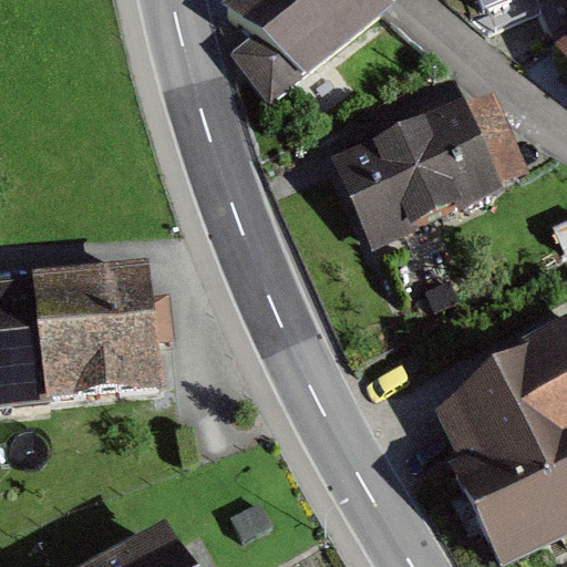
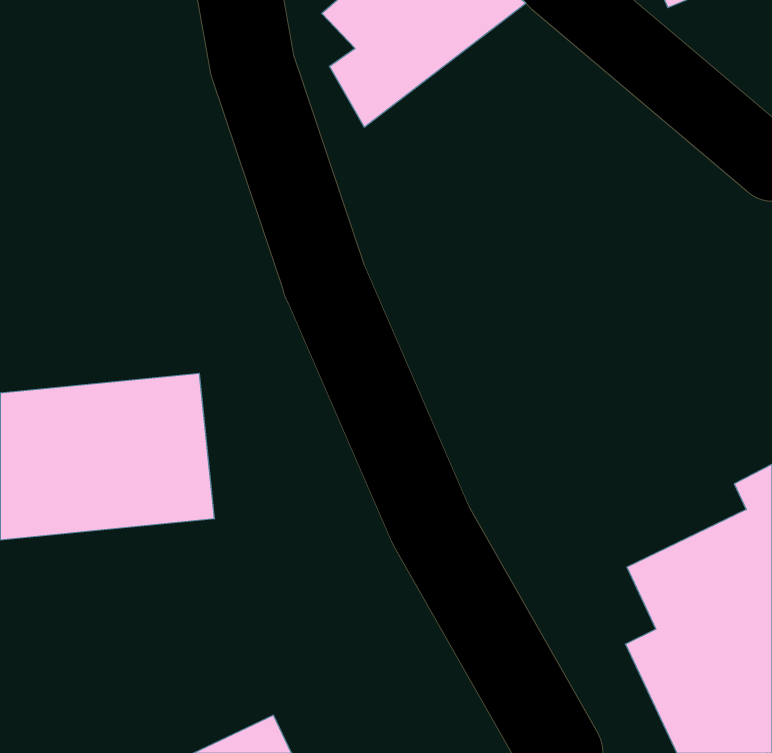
building: [341,106,497,234] -> none

